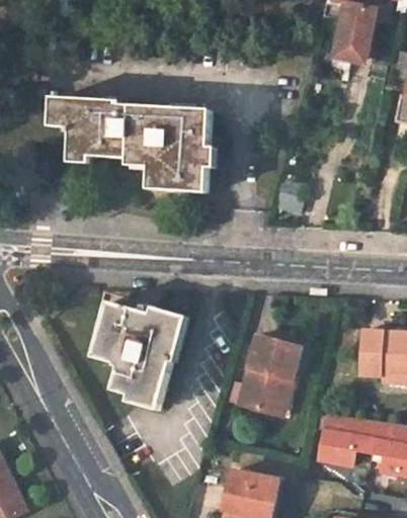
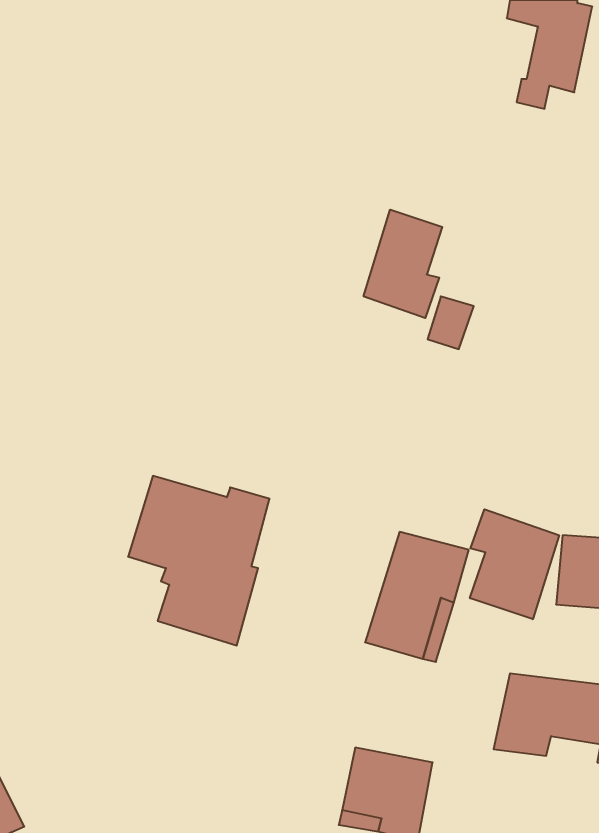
building: [57,95,210,193] -> none
building: none -> [364,210,442,318]
building: none -> [470,509,559,619]

